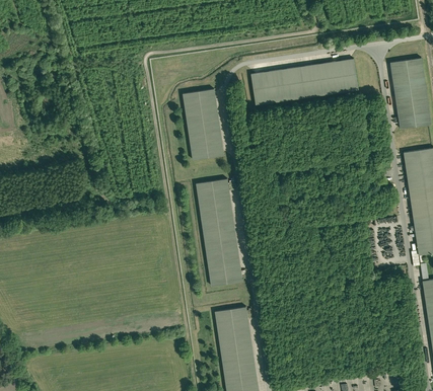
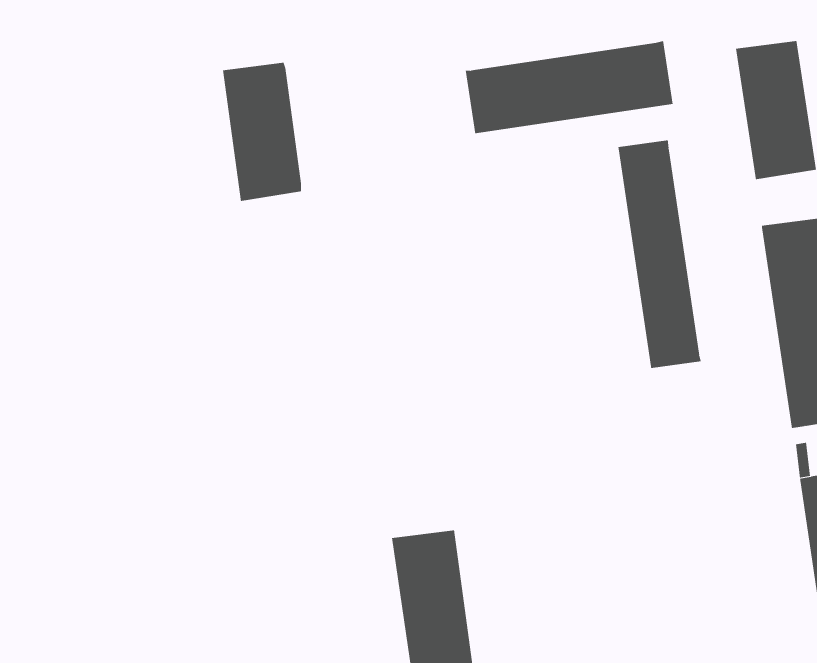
building: [184,89,224,160] -> [222,62,302,202]
building: none -> [618,139,701,369]
building: [196,178,242,286] -> none

